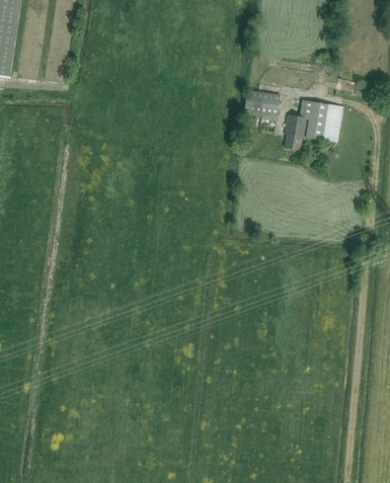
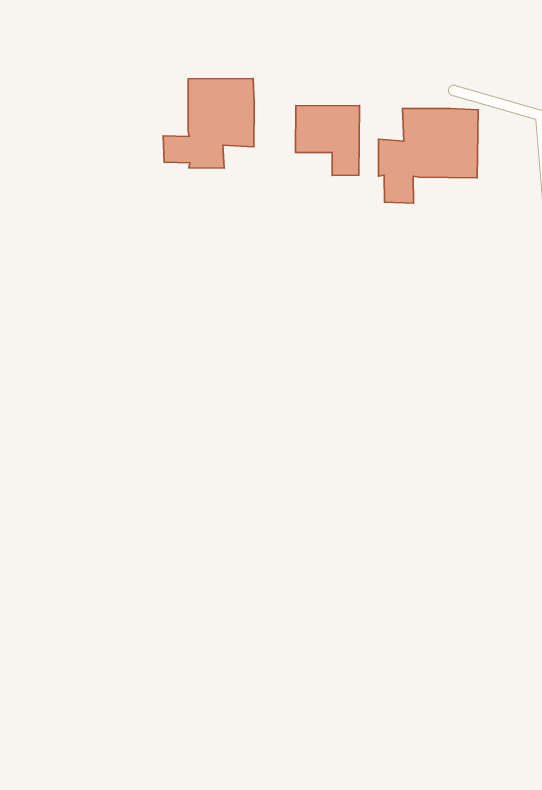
building: none -> [163,79,254,168]

